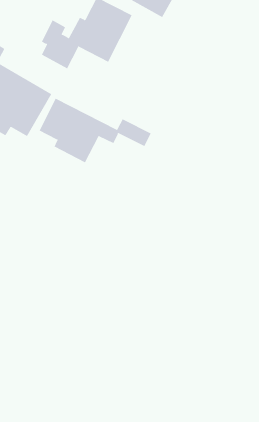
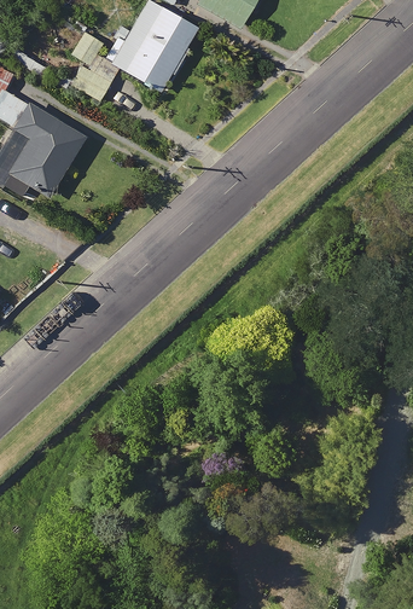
building: [39,98,152,163] -> none

